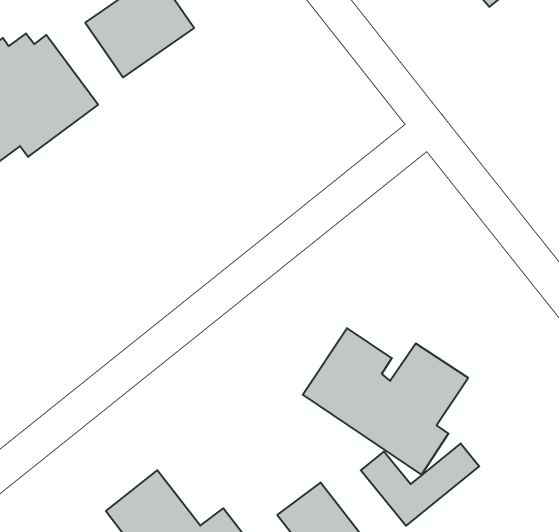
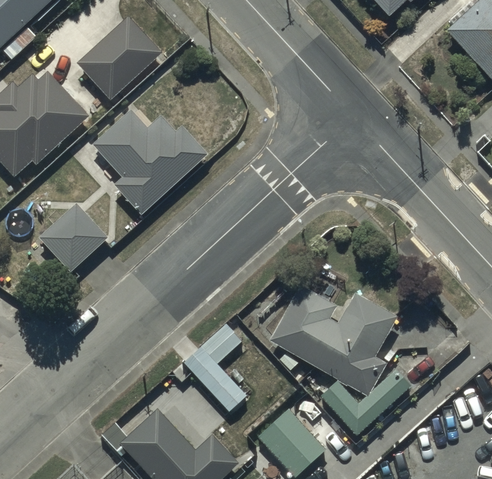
building: none -> [89,106,207,213]
building: none -> [37,202,105,270]
building: none -> [185,327,247,415]

